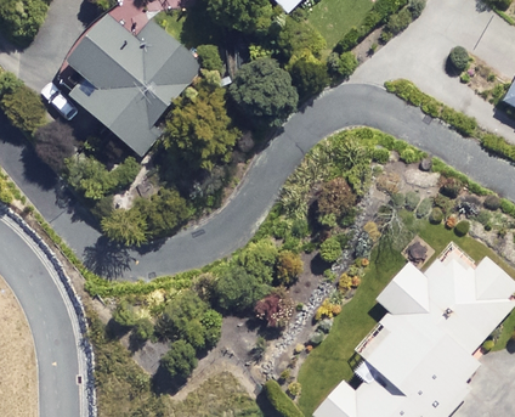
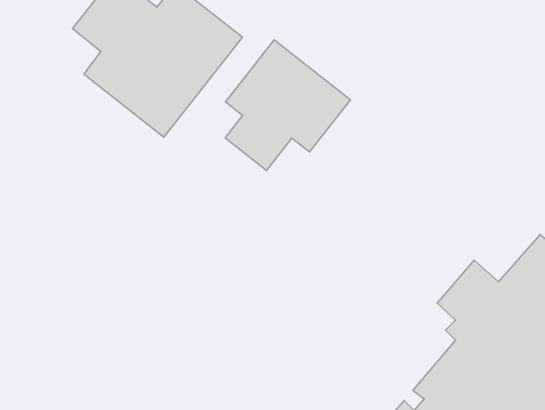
building: none -> [225,40,350,170]

